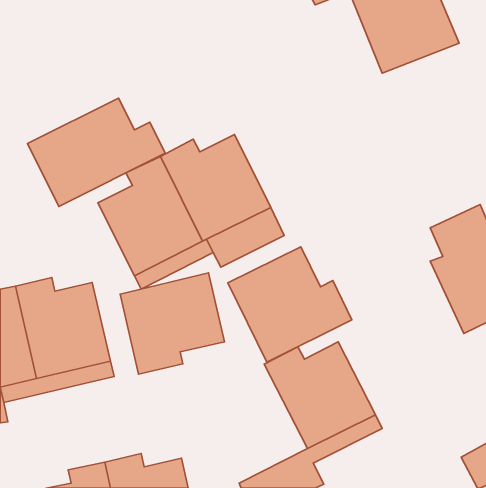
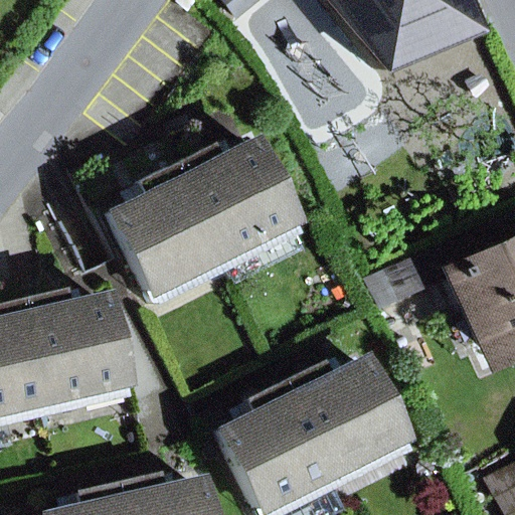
building: [28,98,165,207] -> none
building: [228,247,352,362] -> none
building: [120,273,224,374] -> none
building: none -> [217,381,327,506]

